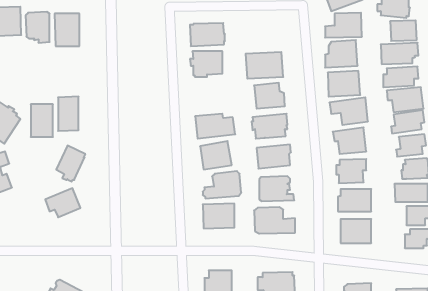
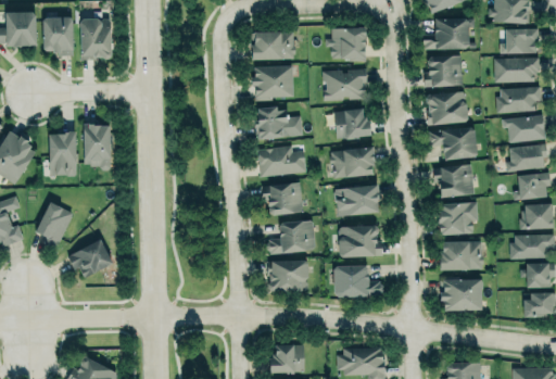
building: none -> [324,28,363,55]
building: none -> [255,105,302,139]
building: [56,146,85,182] -> [36,201,73,247]

